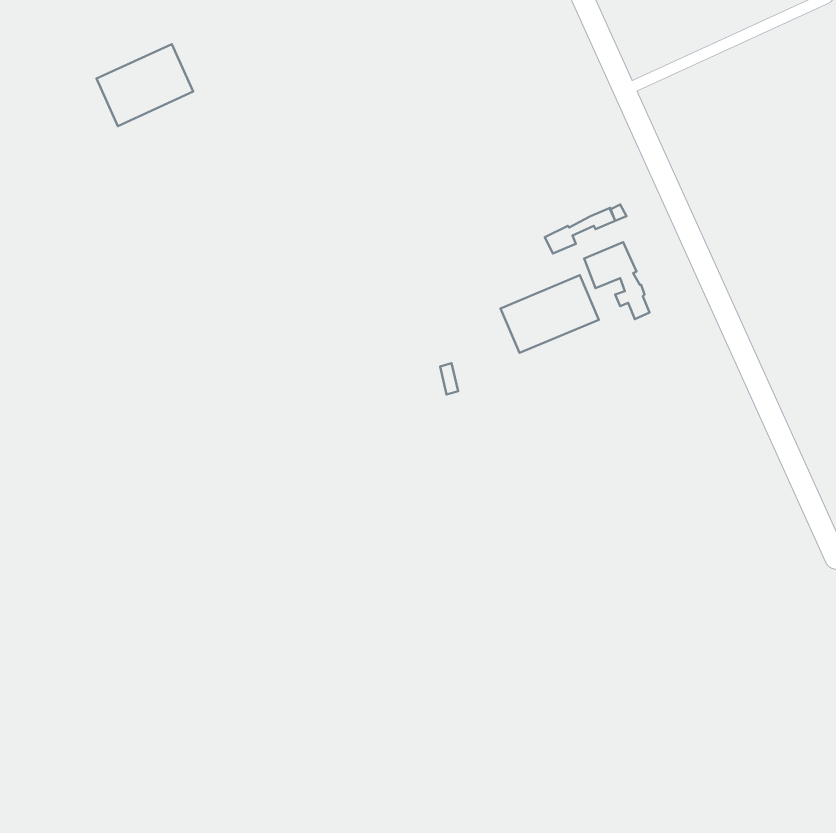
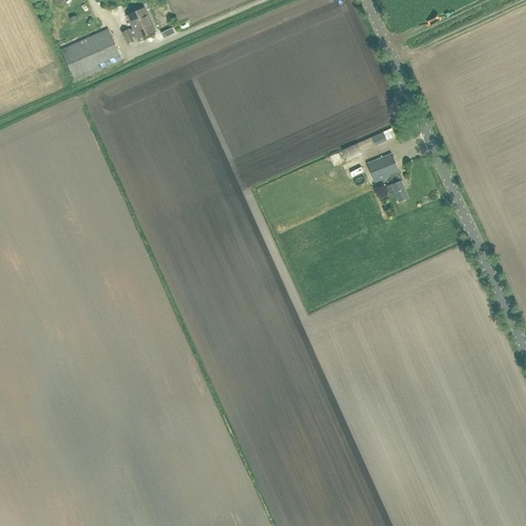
building: none -> [122,6,155,42]
building: [501,275,599,353] -> none

